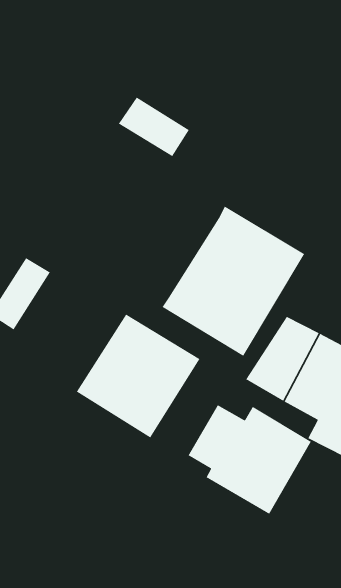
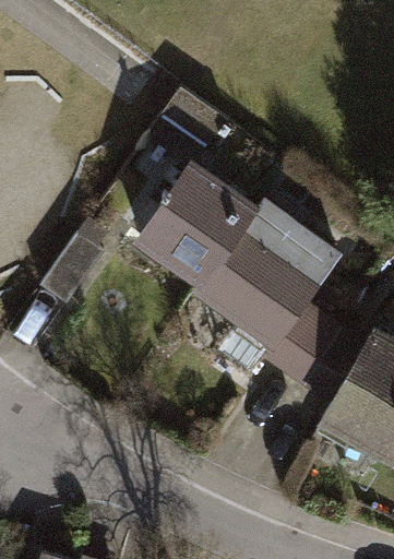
building: [76,314,201,438] -> [132,166,248,282]
building: [187,404,312,515] -> none

